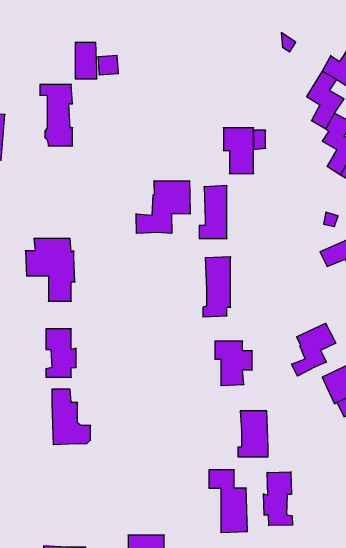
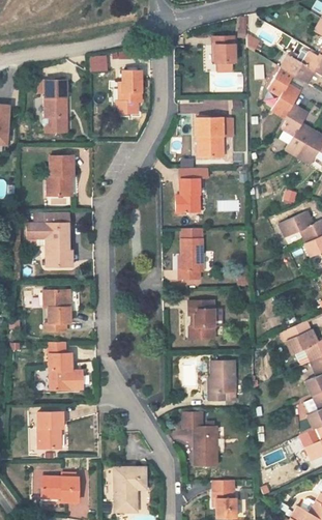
building: none -> [213,36,235,73]
building: [75,43,97,79] -> [123,70,142,102]
building: none -> [48,155,74,196]
building: [136,181,190,233] -> none
building: [292,323,336,376] -> none
building: none -> [38,412,63,449]
building: [263,472,292,526] -> none

